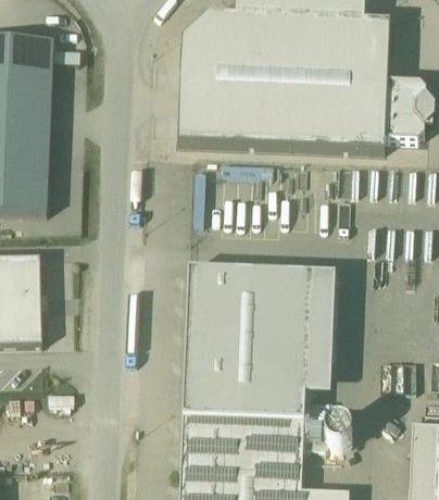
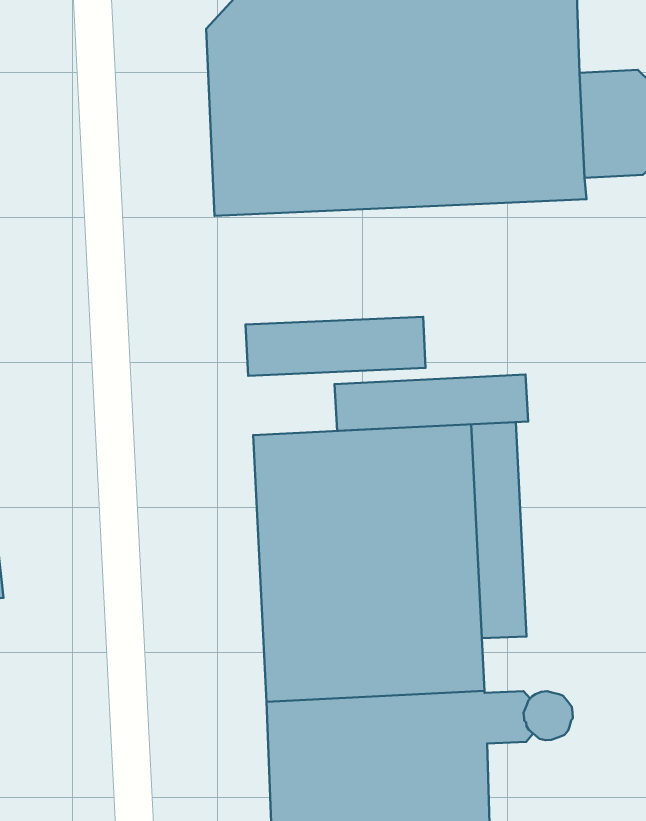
building: none -> [246,317,426,376]
building: none -> [335,374,528,431]

